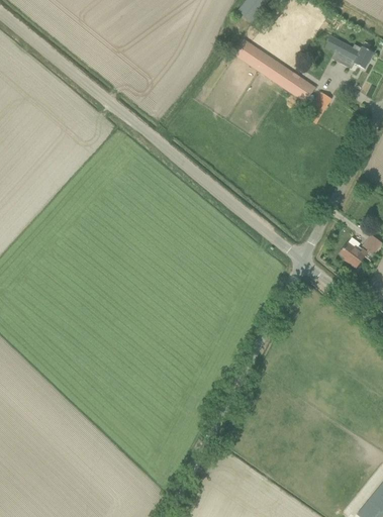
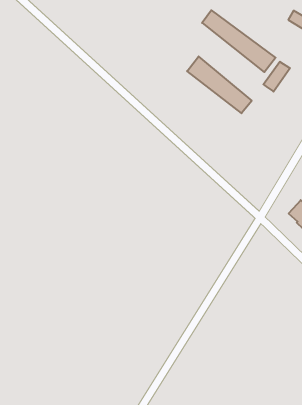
building: none -> [187,56,252,113]

